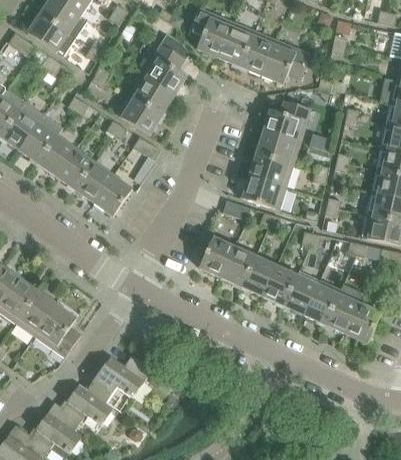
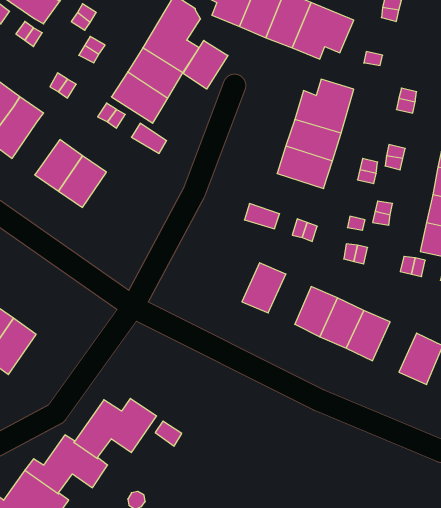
building: none -> [183,40,228,89]
building: [38,135,76,176] -> none
building: [94,174,132,216] -> none
building: [242,175,286,210] -> none
building: [199,236,235,277] -> none
building: [242,255,276,295] -> none
building: [325,293,360,333] -> none
building: [35,303,81,356] -> none

